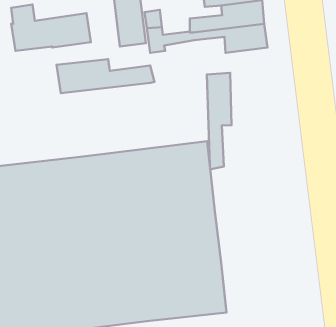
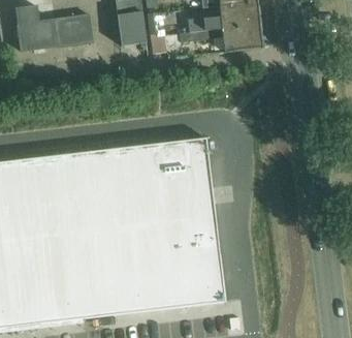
building: [57,59,154,93] -> none
building: [207,73,231,169] -> none

